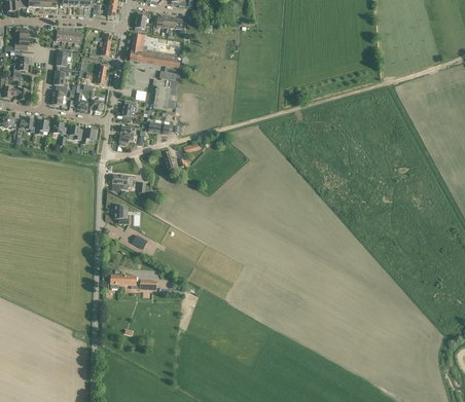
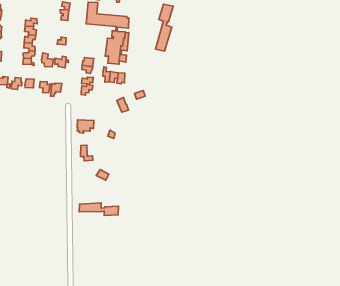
building: none -> [156,4,173,51]

